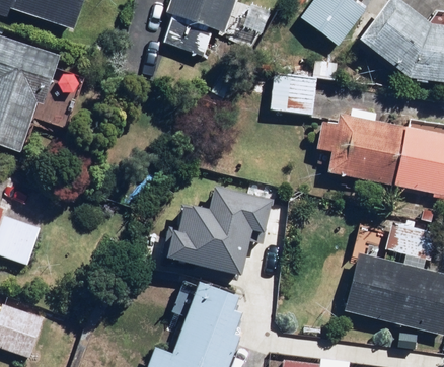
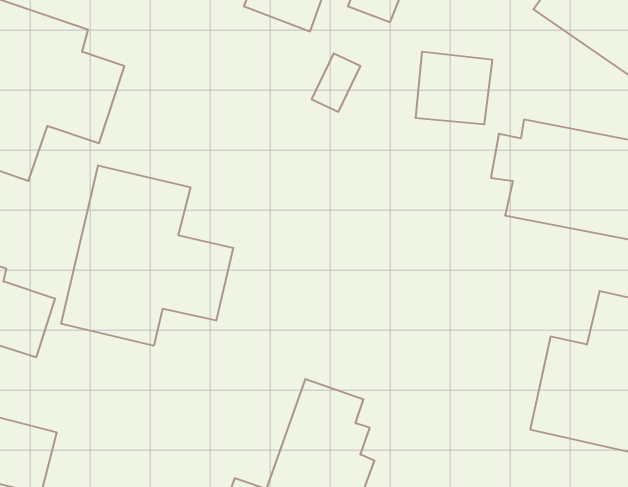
building: none -> [61,165,233,346]
building: [163,187,272,275] -> none

